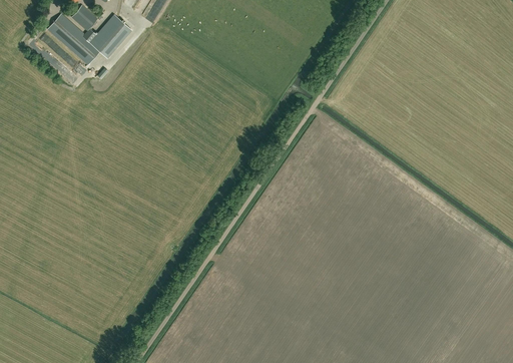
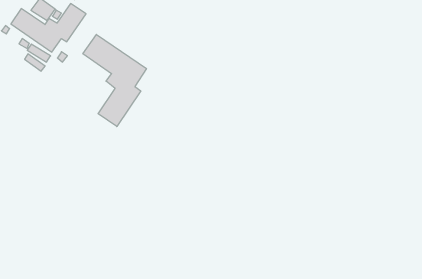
building: none -> [83,34,146,127]

